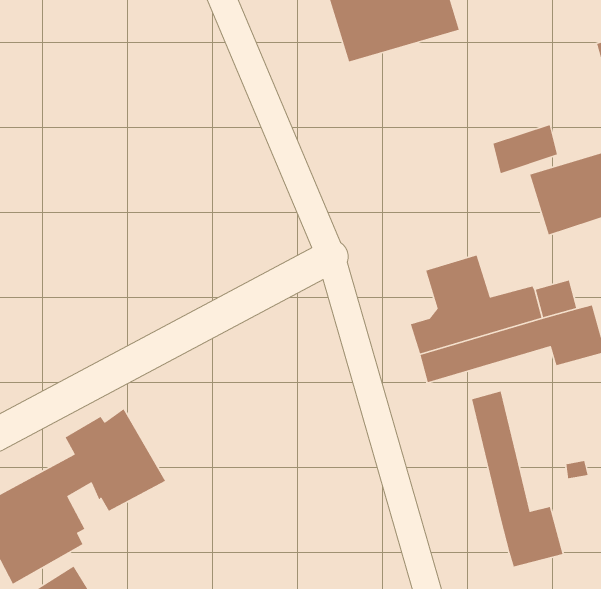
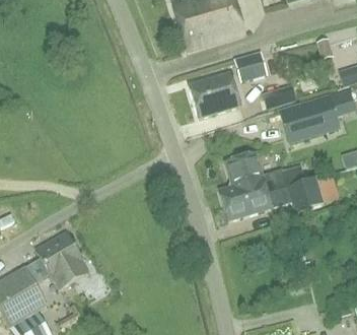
building: none -> [233,53,265,77]
building: none -> [188,71,241,118]
building: [471,391,564,567] -> none

